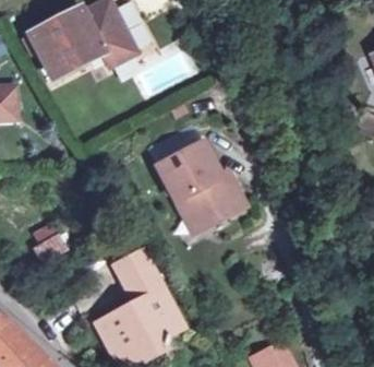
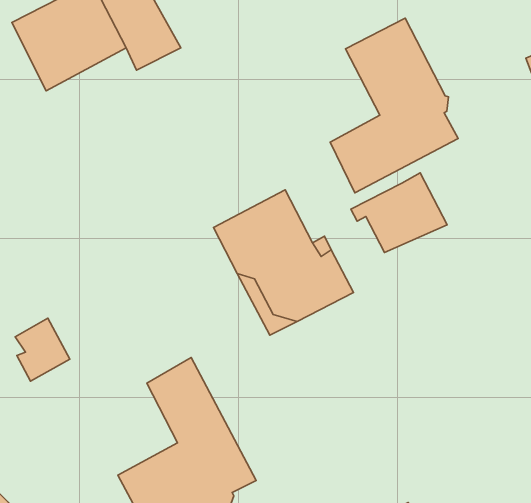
building: none -> [330,18,458,193]
building: none -> [351,173,447,253]

